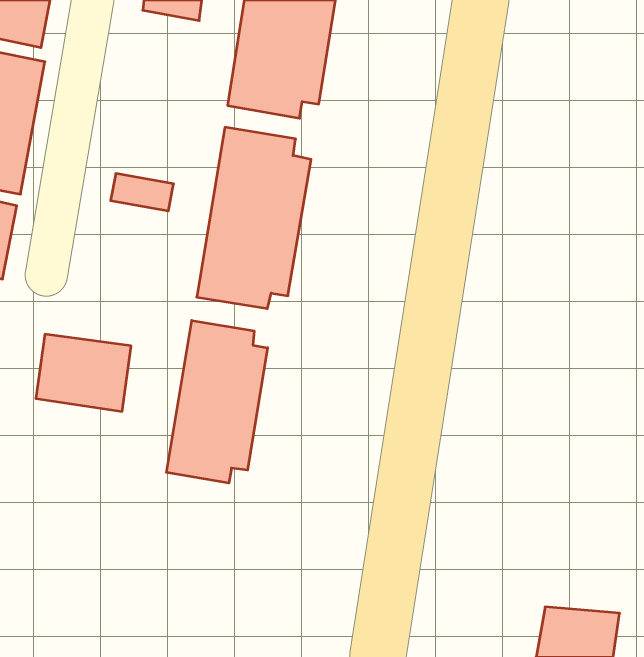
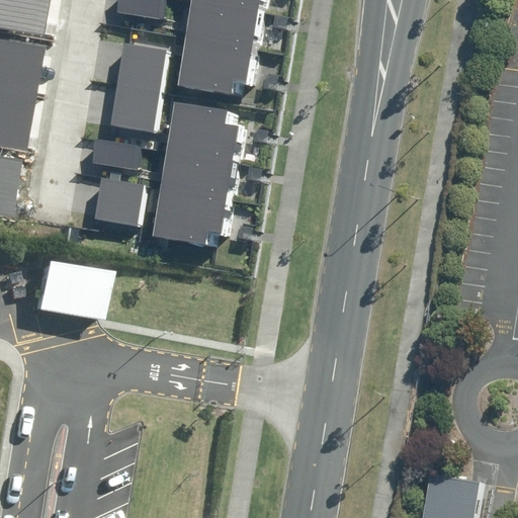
building: none -> [106,38,167,132]
building: none -> [91,174,143,224]
building: [166,320,268,483] -> none

